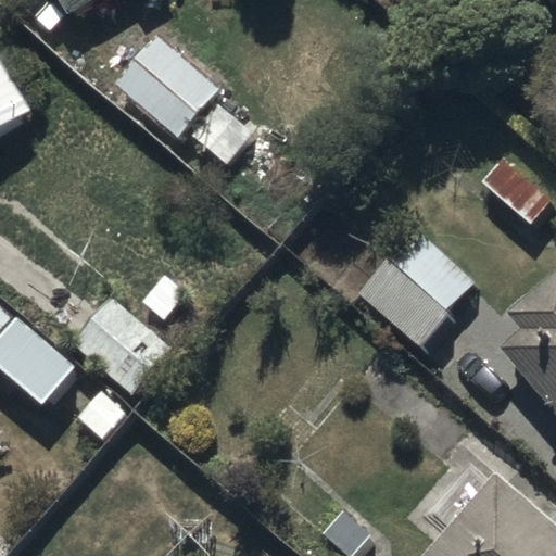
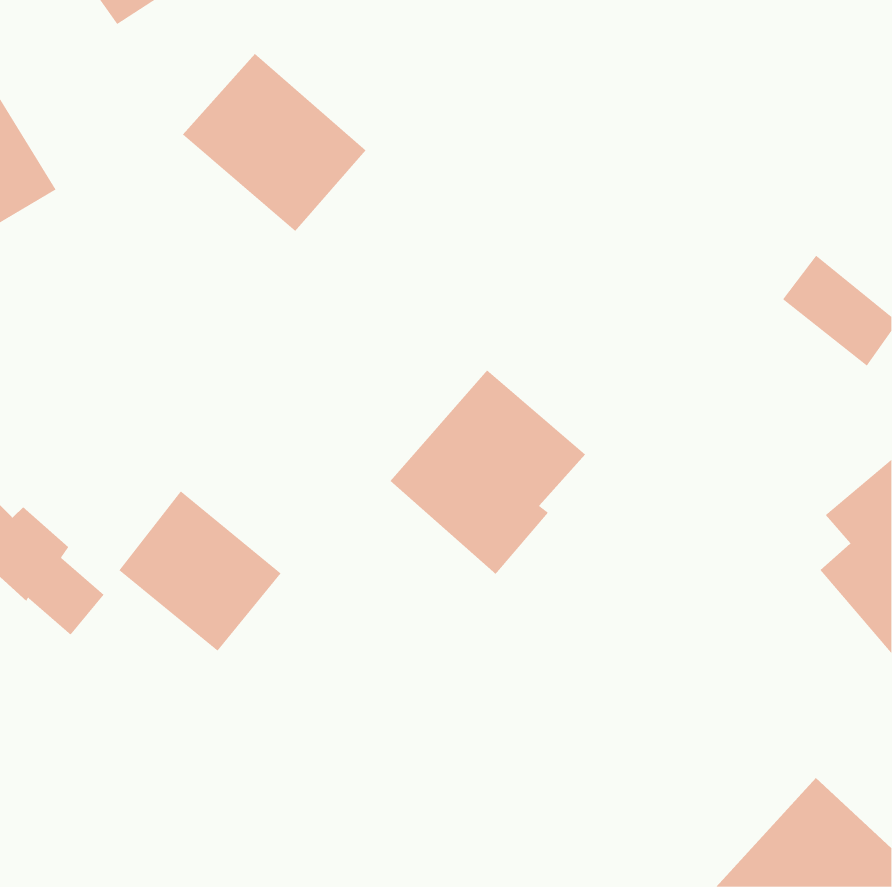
building: [355,226,476,352] -> [389,369,586,575]

